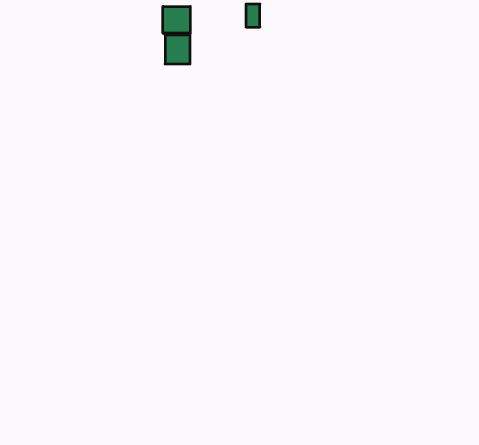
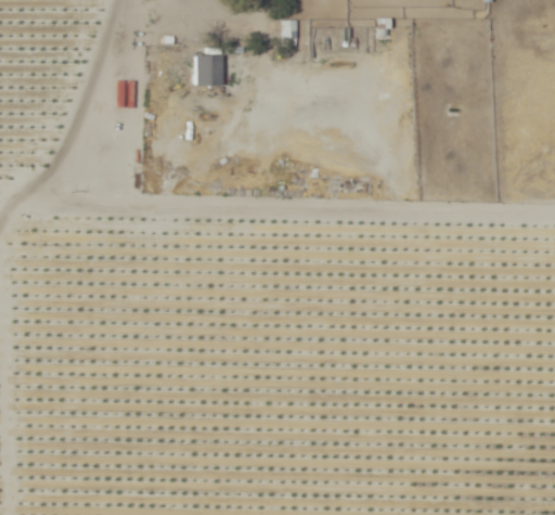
building: [163,6,190,33] -> none

